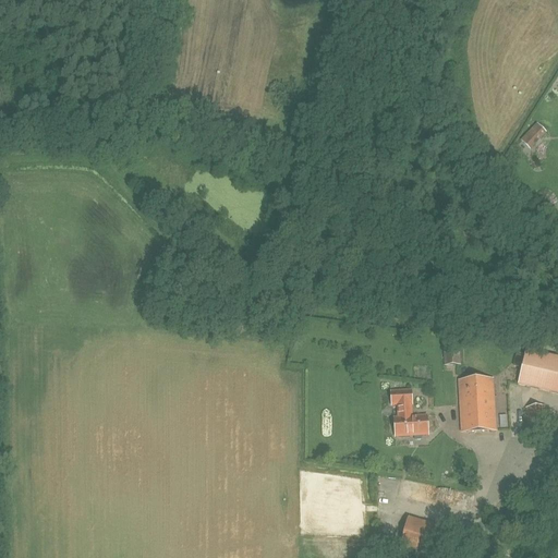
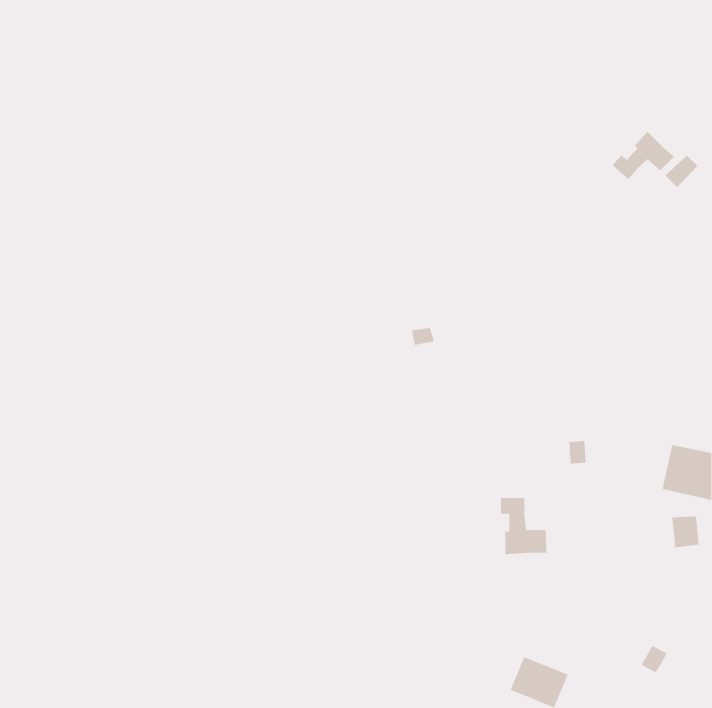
building: none -> [612,131,675,180]
building: [459,376,495,430] -> none

